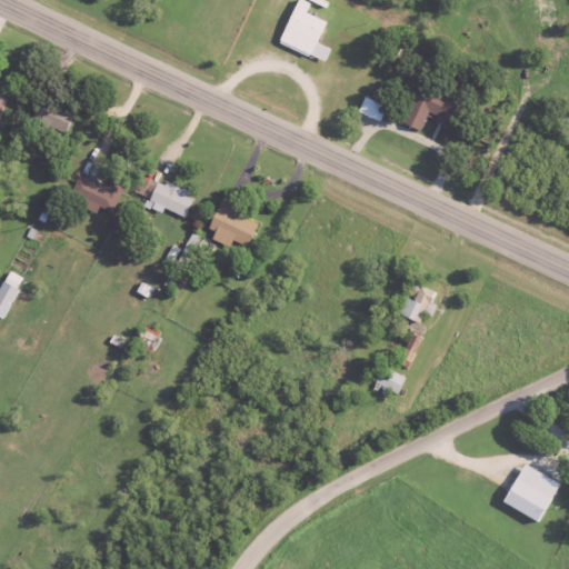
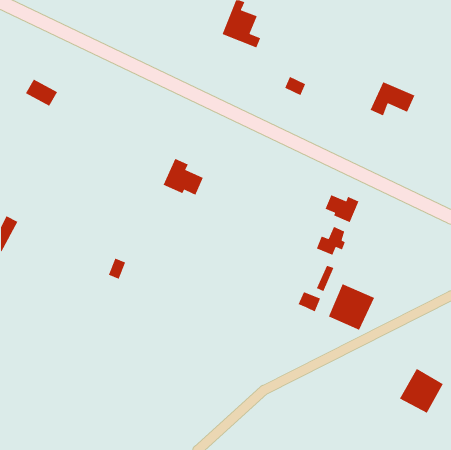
building: [402,86,460,130] -> [370,81,415,116]
building: [70,176,123,212] -> none
building: [148,181,193,217] -> none
building: none -> [324,194,359,223]
building: none -> [328,283,375,331]

